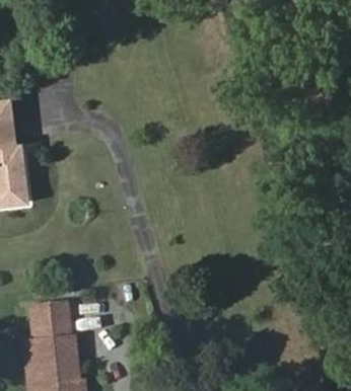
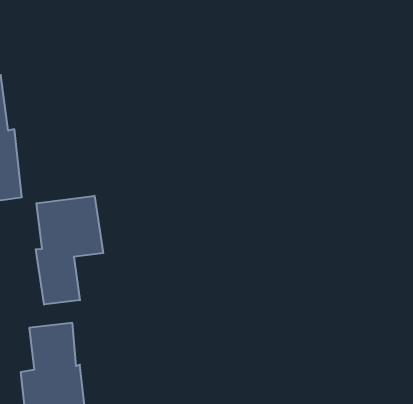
building: none -> [36,196,103,305]

